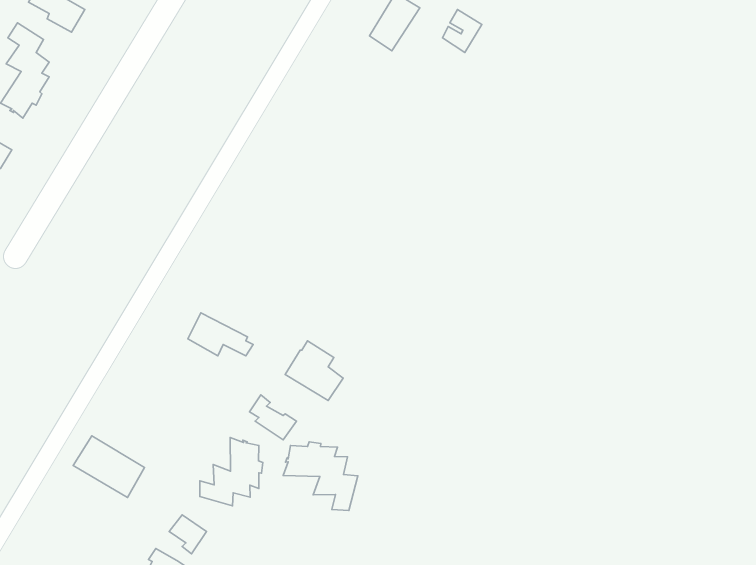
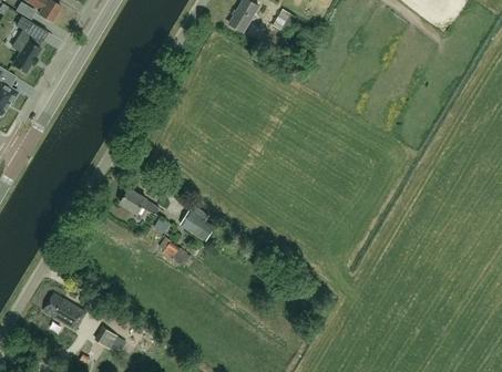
building: [73,436,144,497] -> [44,292,86,329]
building: [200,438,263,506] -> none
building: [283,442,358,510] -> none

